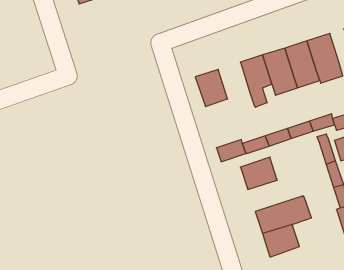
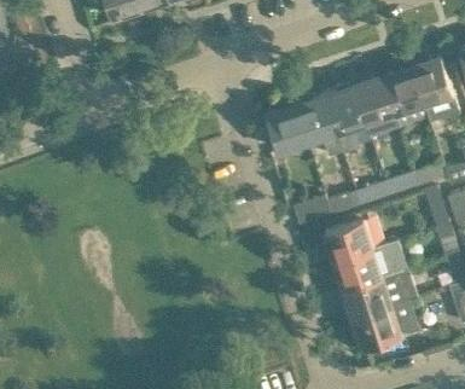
building: none -> [298,92,345,153]
building: none -> [337,239,409,288]

